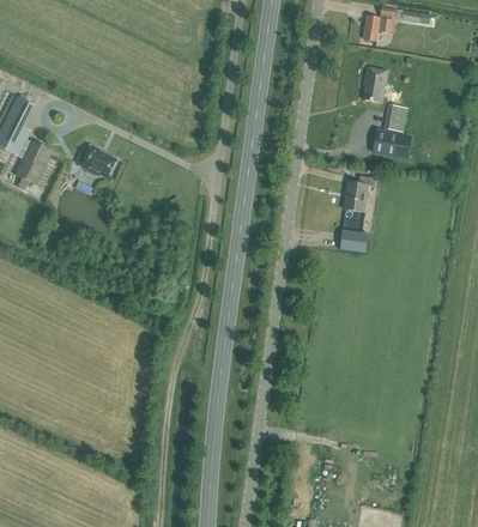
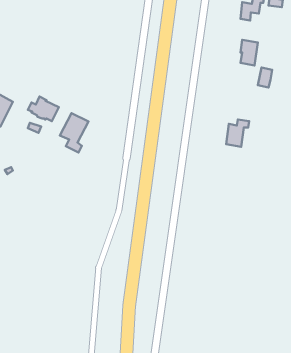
building: [374,129,411,157] -> none
building: none -> [60,113,89,153]
building: [339,229,368,252] -> none

